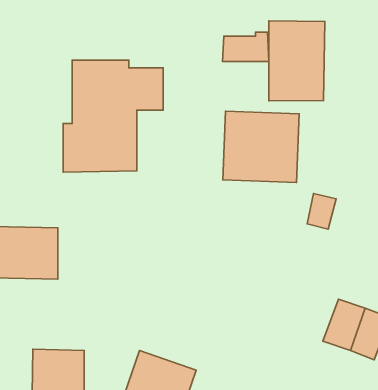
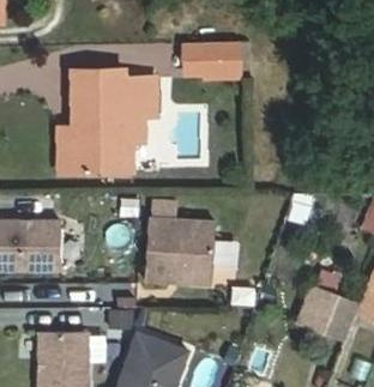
building: [269,21,325,101] -> none
building: [223,111,299,182] -> [141,219,211,284]

